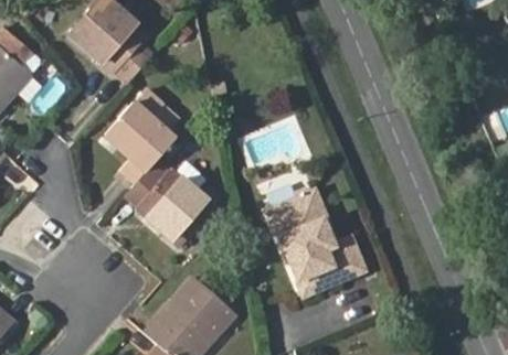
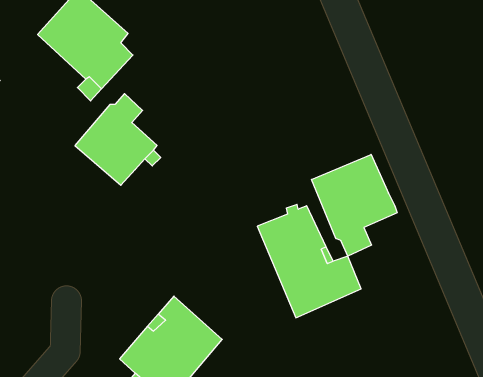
building: none -> [312,154,397,256]
building: [123,158,218,249] -> none

